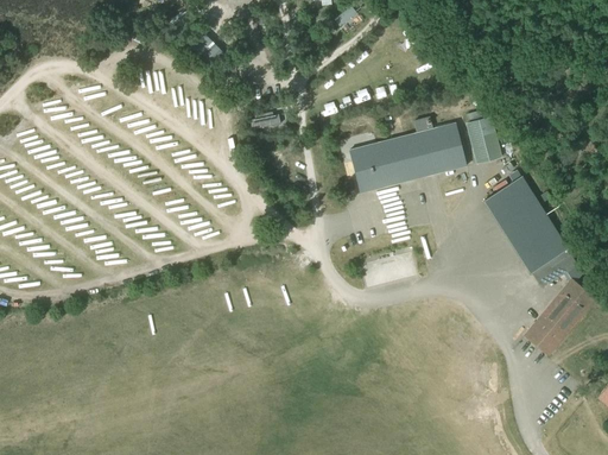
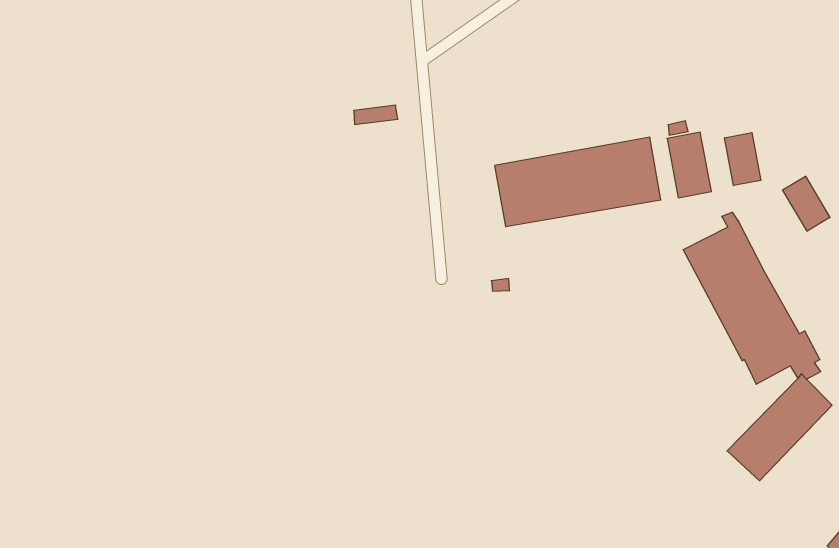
building: none -> [725,133,761,186]
building: none -> [783,176,830,231]

